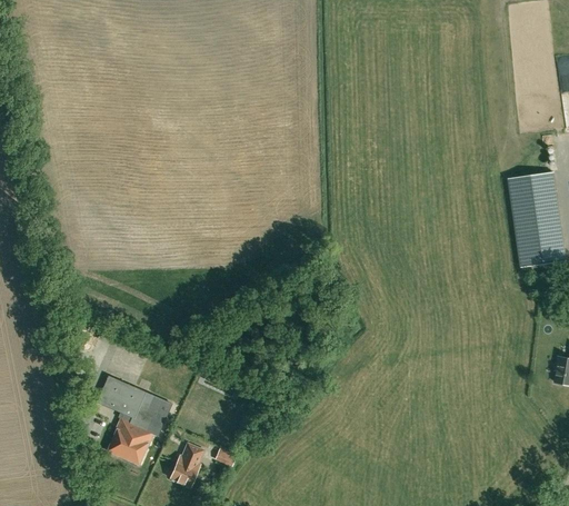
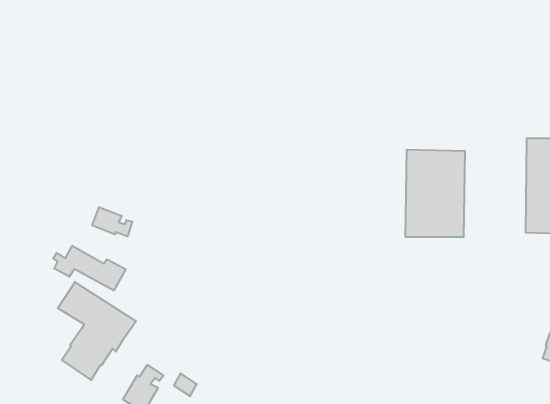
building: none -> [406,150,465,237]
building: none -> [92,207,132,236]

